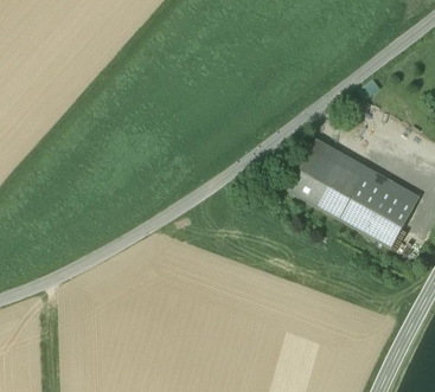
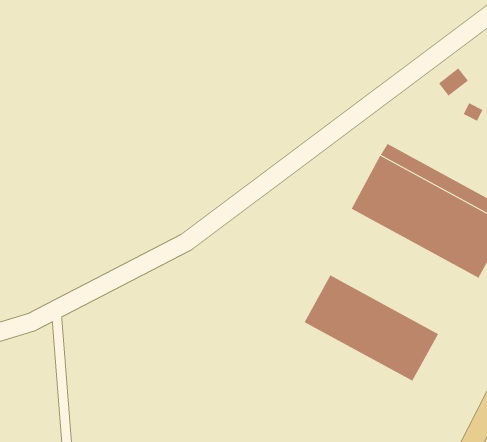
building: none -> [304,275,439,382]

